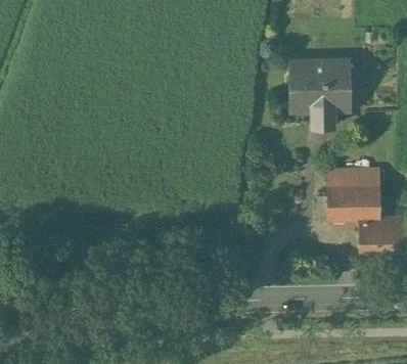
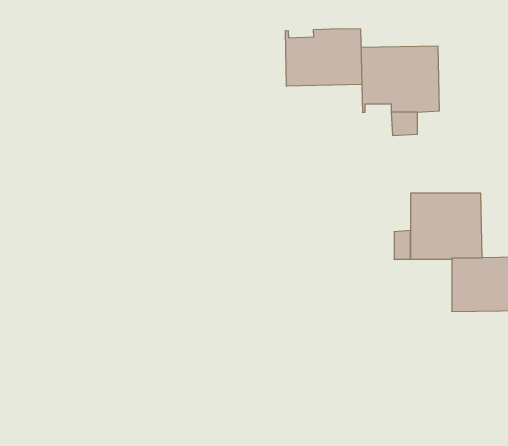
building: none -> [285,29,362,86]

